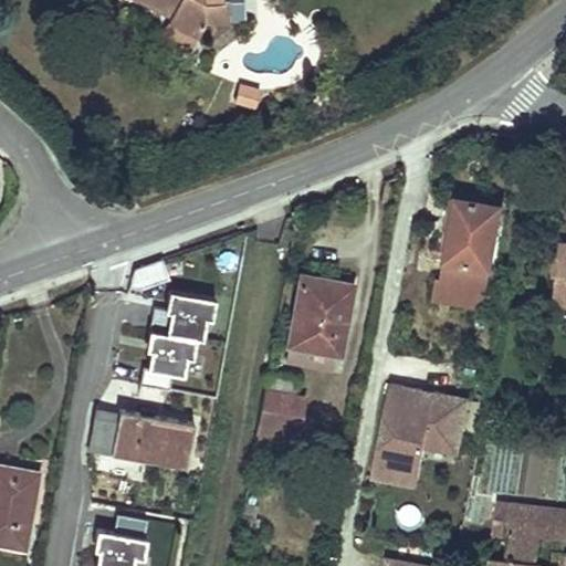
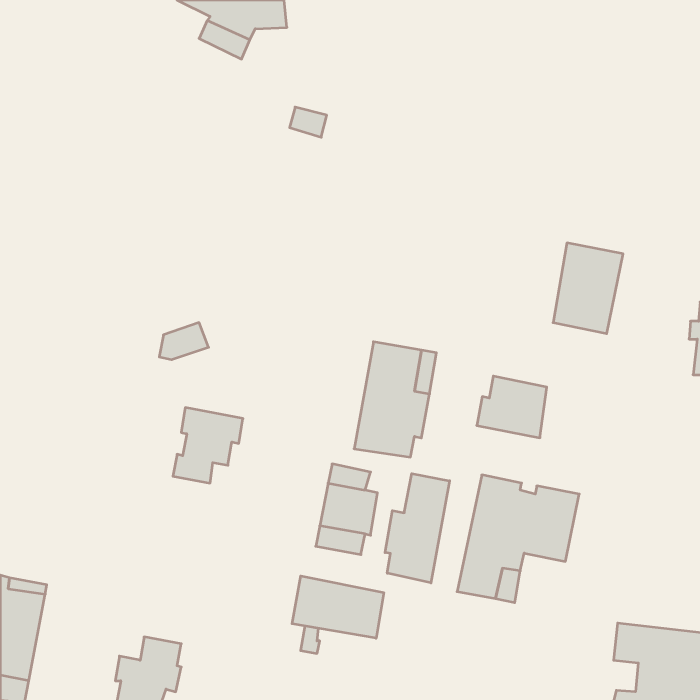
building: [433,261,490,311] -> [477,376,547,438]
building: [150,291,216,339] -> none
building: none -> [385,474,450,583]
building: [88,409,196,468] -> none
building: none -> [292,576,384,638]

